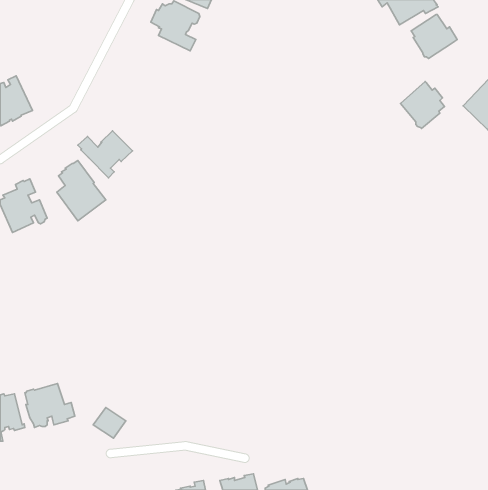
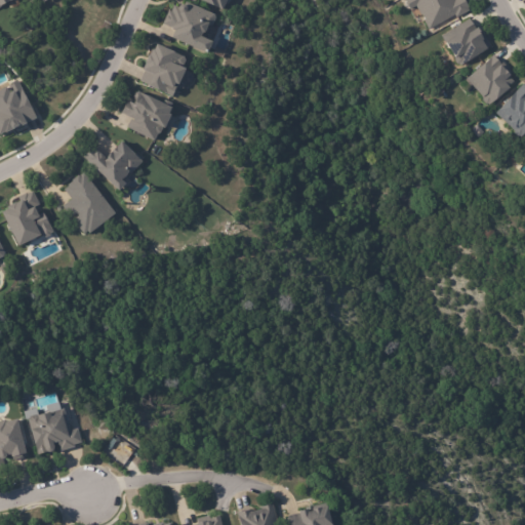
building: none -> [140,43,187,97]
building: [400,81,445,129] -> [469,55,516,106]
building: none -> [122,89,171,138]

